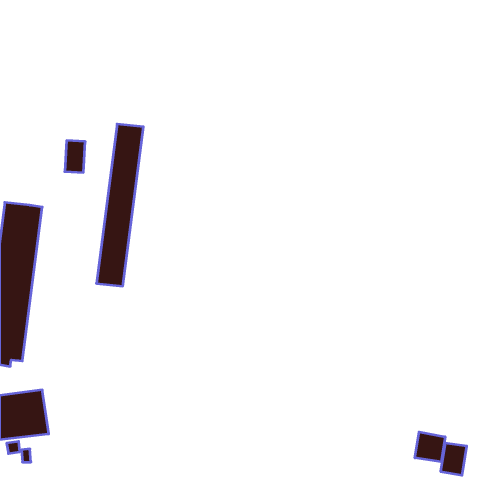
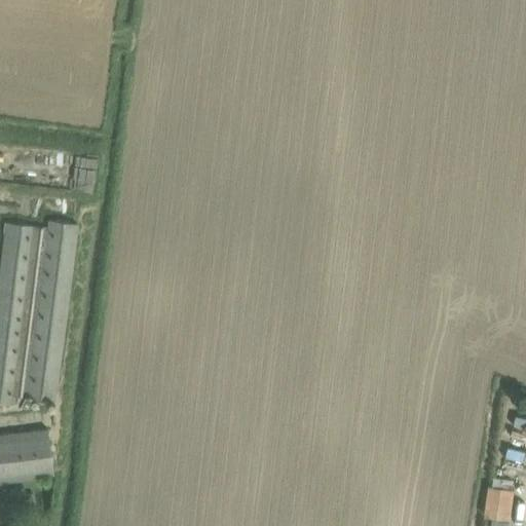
building: [96,124,143,286] -> [25,221,76,399]
building: [415,432,445,462] -> none

